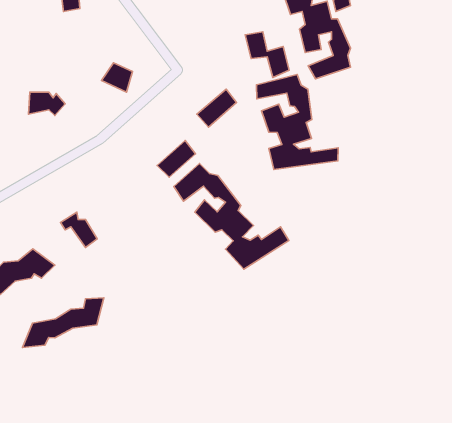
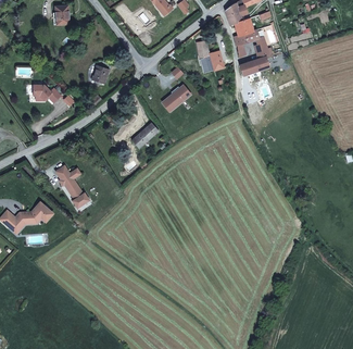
building: [257,75,338,170] -> none
building: [174,163,289,269] -> none
building: [22,298,104,347] -> none

